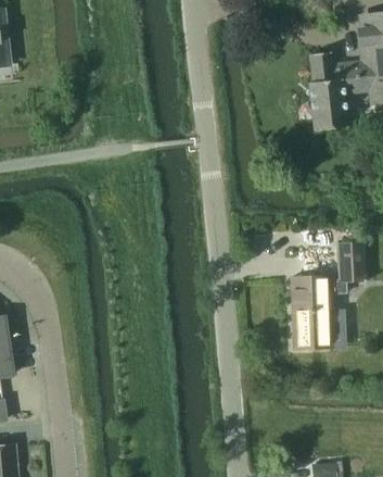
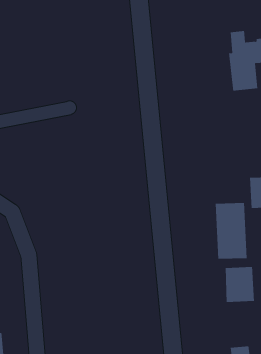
building: none -> [225,266,254,303]

